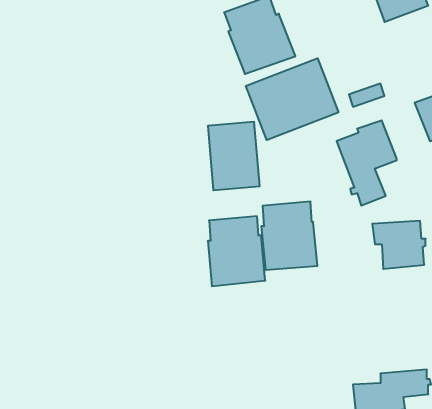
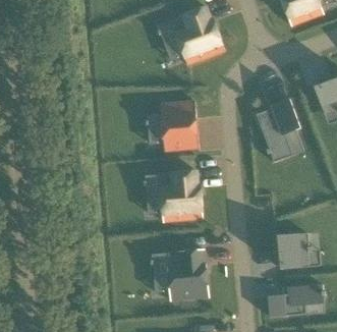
building: [246,58,338,140] -> none
building: [261,202,317,270] -> [167,248,209,299]
building: [372,221,426,269] -> [272,233,312,269]

